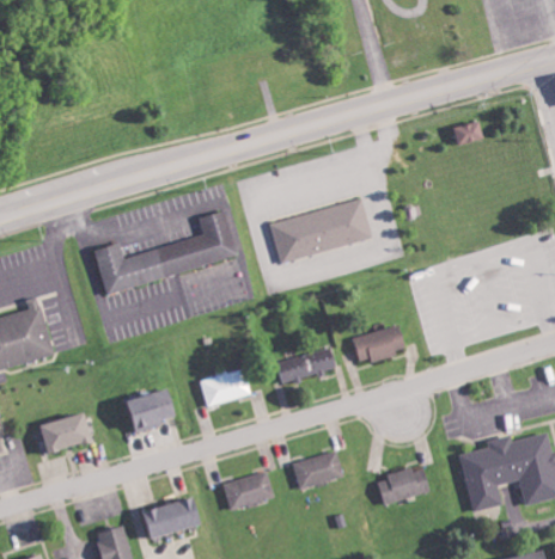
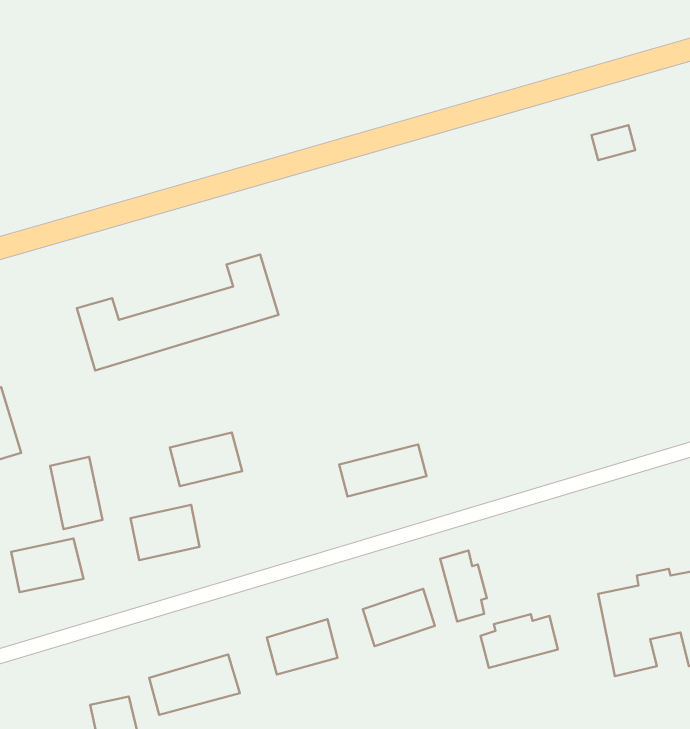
building: [267,198,367,263] -> none
building: [353,325,405,363] -> none
building: none -> [50,457,103,529]
building: [200,368,251,406] -> [170,433,242,486]
building: none -> [440,551,487,621]

